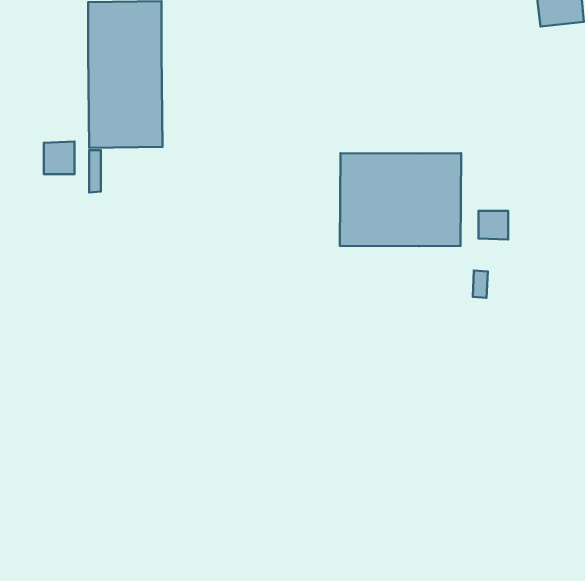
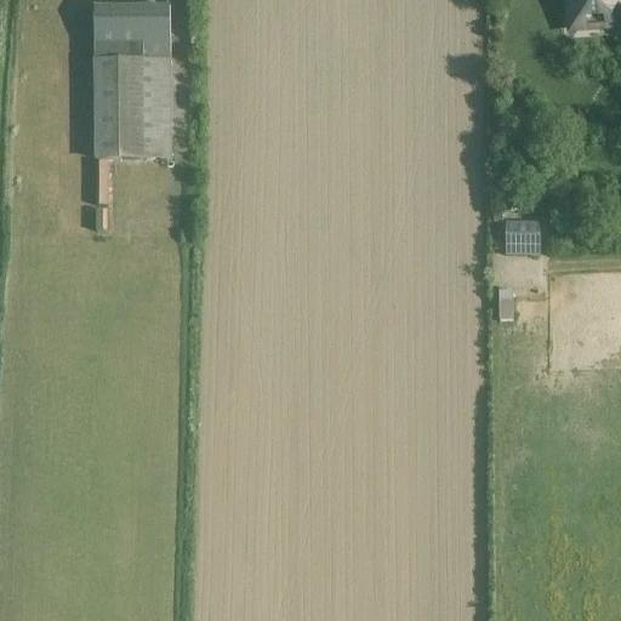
building: [44,142,74,174] -> none
building: [340,153,461,246] -> none

